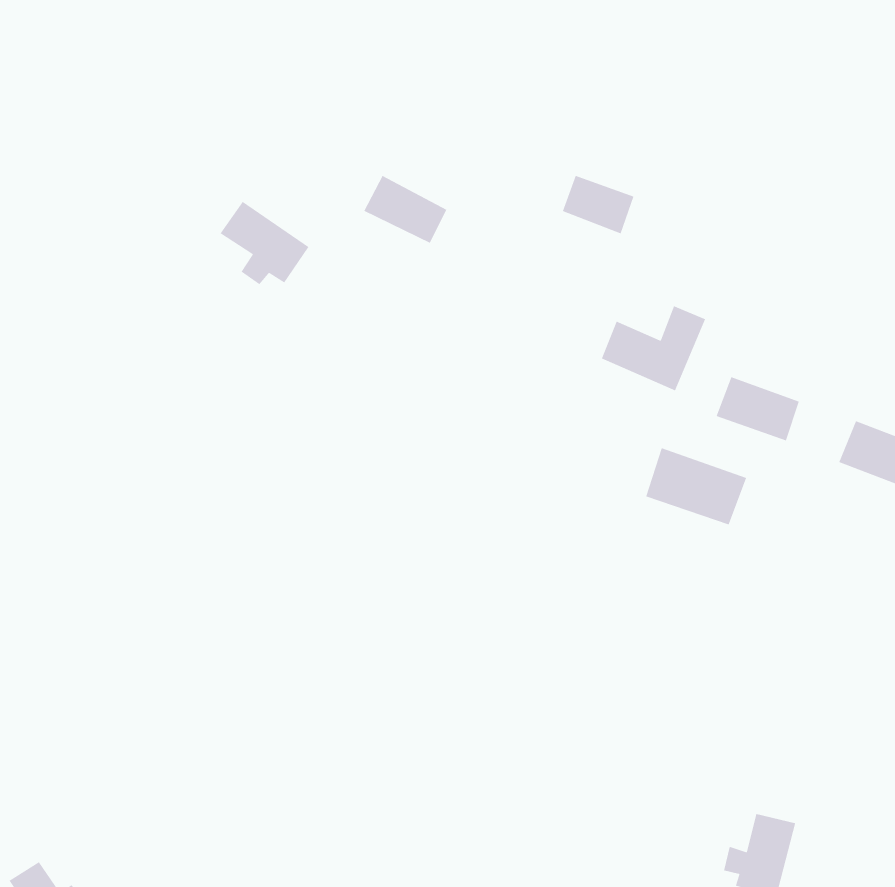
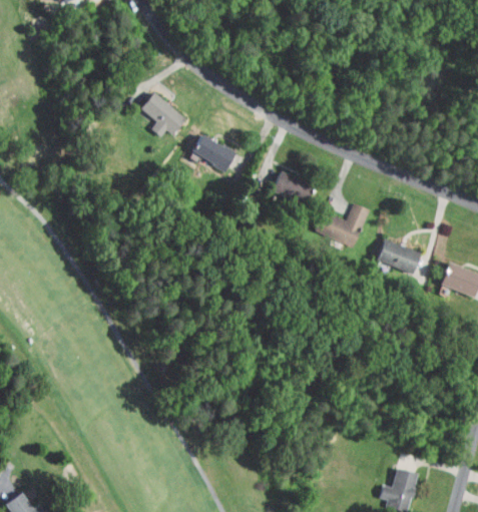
building: [562,175,635,234] -> [273,171,311,202]
building: [219,201,309,285] -> [140,92,187,136]
building: [645,447,747,526] -> none

